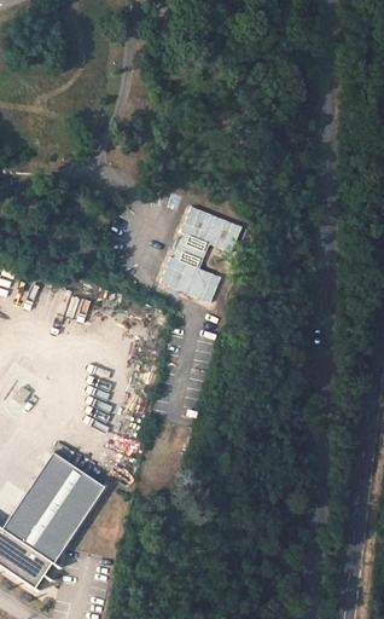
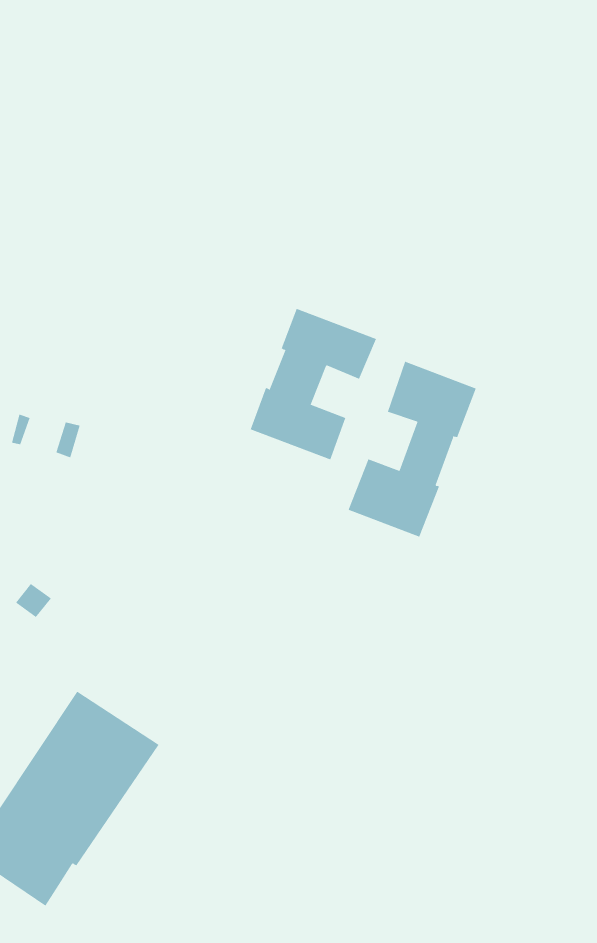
building: none -> [348,361,477,538]

